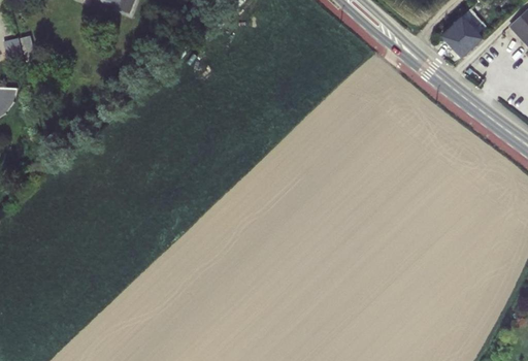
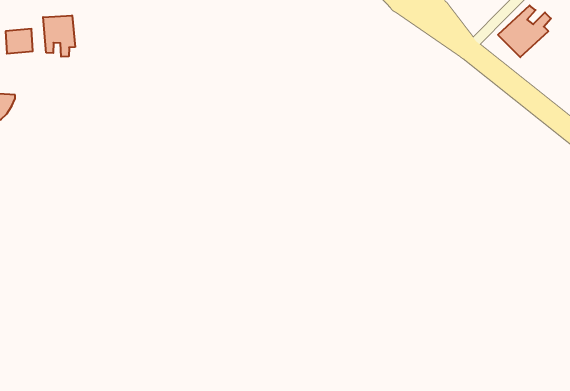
building: none -> [43,15,75,57]

